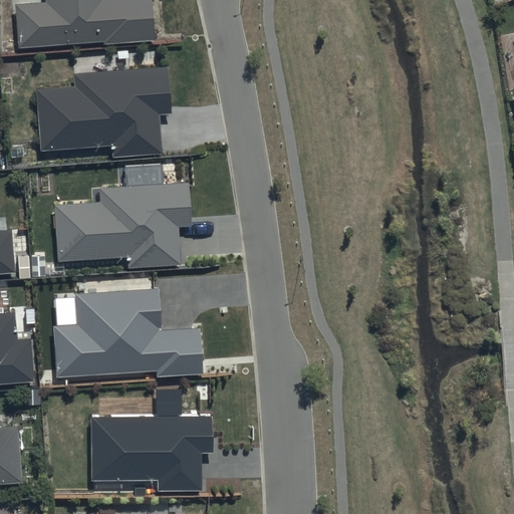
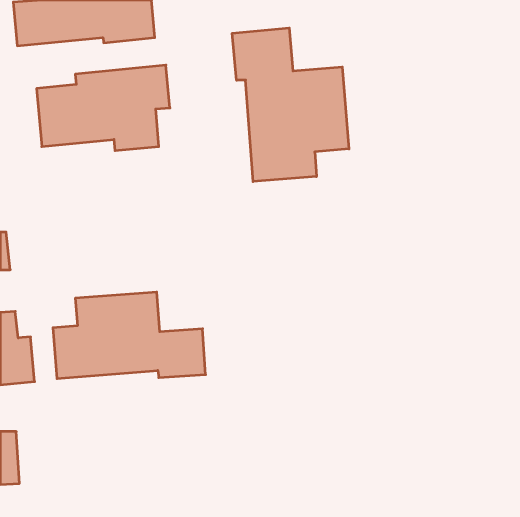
building: none -> [232,28,349,182]
building: [53,181,192,266] -> none
building: [90,415,212,489] -> none

